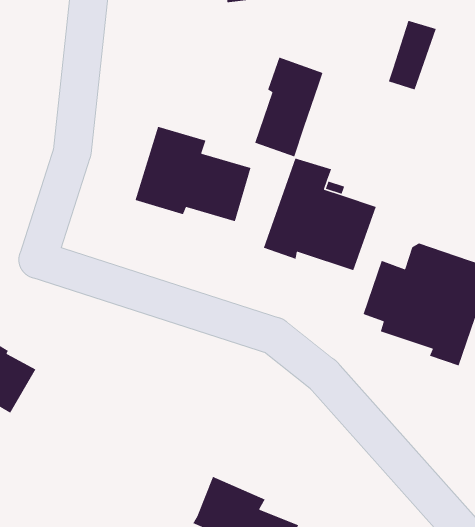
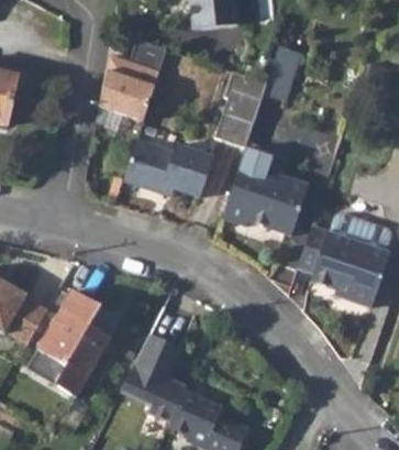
building: none -> [100,40,167,120]
building: [388,20,437,90] -> [264,45,301,99]
building: none -> [38,289,112,397]
building: none -> [118,334,185,421]

